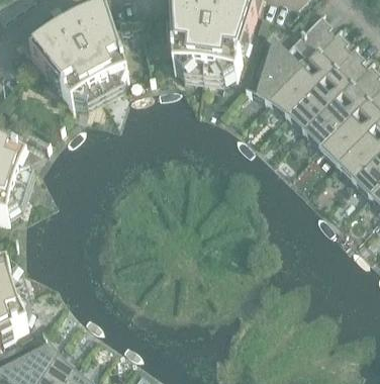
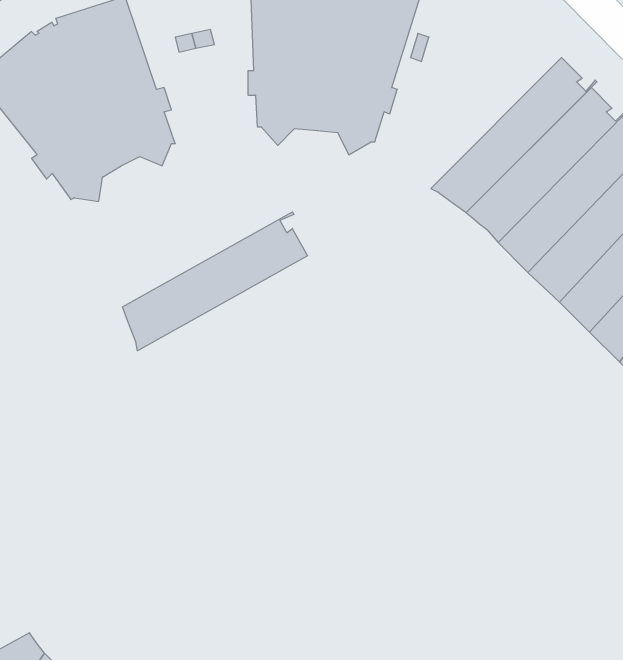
building: [257,13,343,103] -> none
building: none -> [123,212,308,351]

